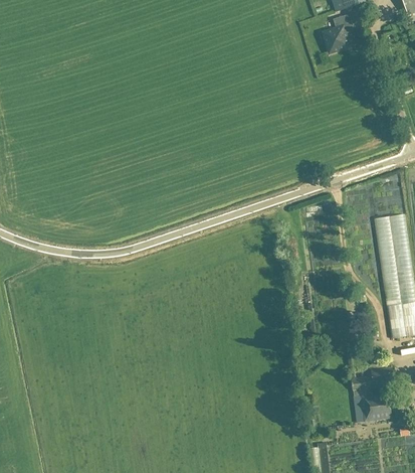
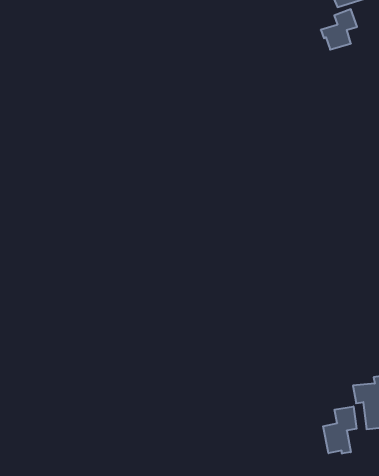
building: none -> [323,406,357,454]

